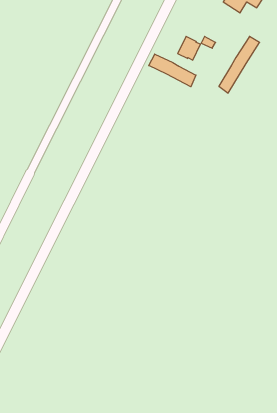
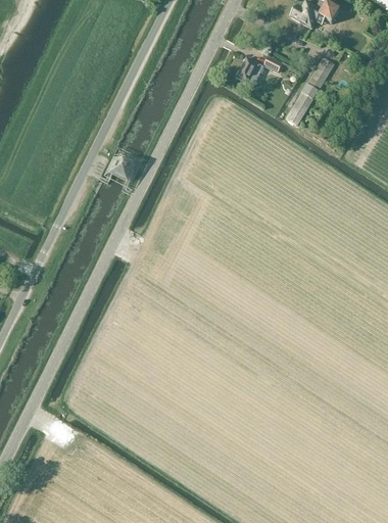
building: [149,54,196,87] -> none

